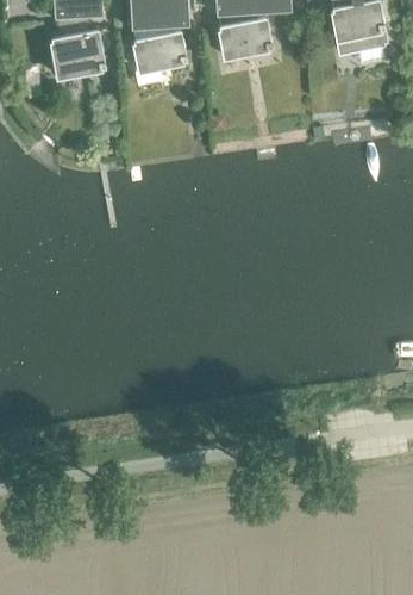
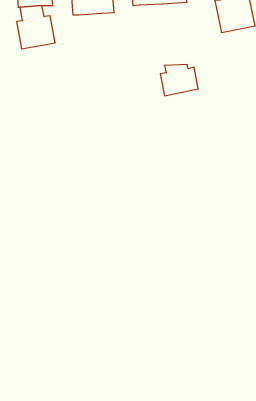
building: [219,13,273,57] -> [160,65,198,96]
building: [133,26,187,72] -> none

